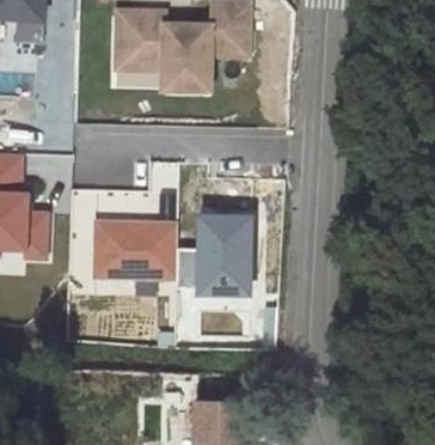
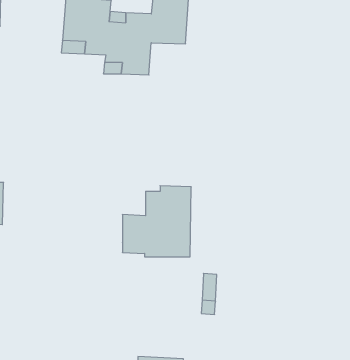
building: [94,220,177,275] -> none

